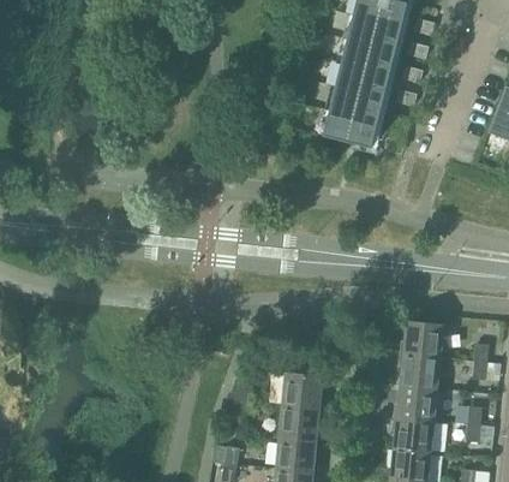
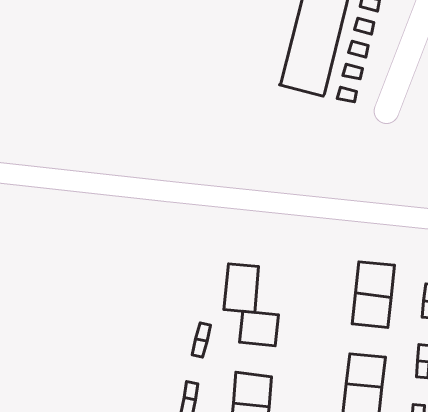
building: none -> [224,264,258,312]
building: [397,386,437,421] -> none
building: [279,405,319,441] -> none

